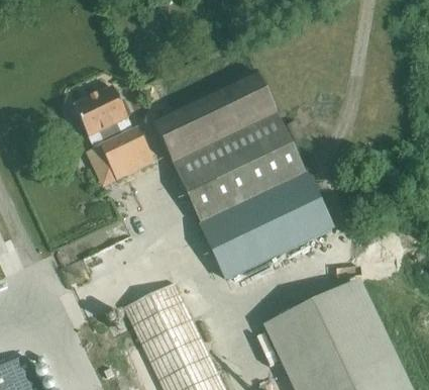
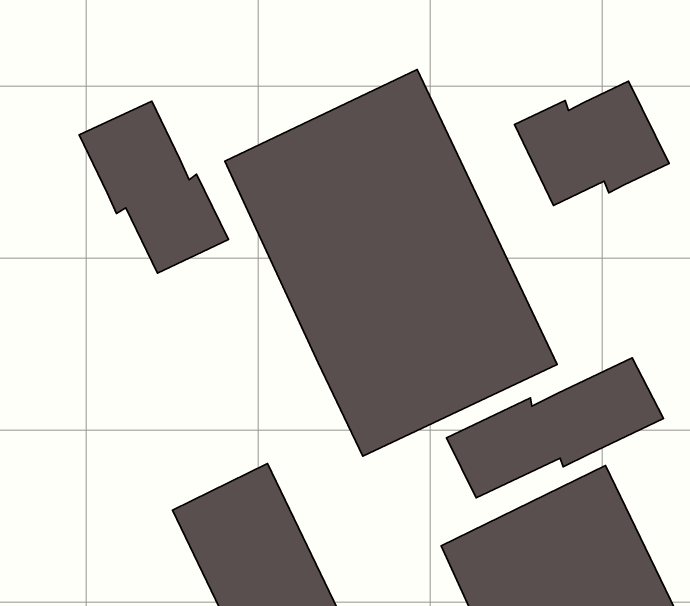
building: none -> [515,81,669,205]
building: none -> [446,358,663,498]

